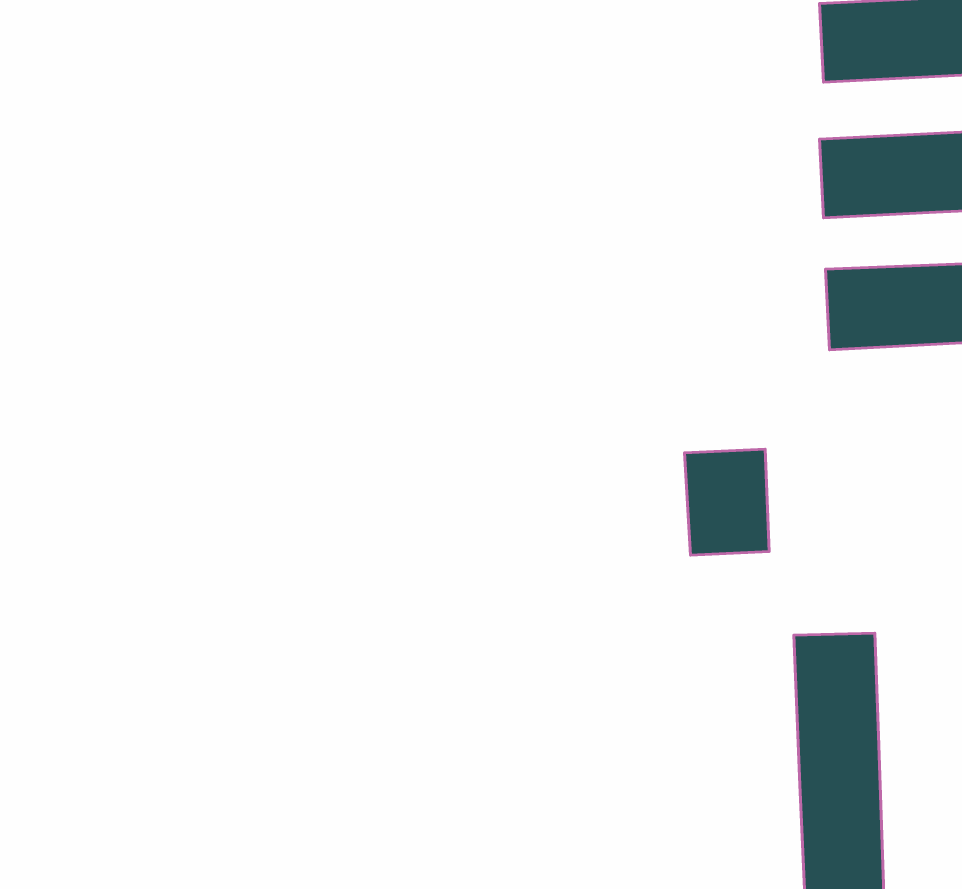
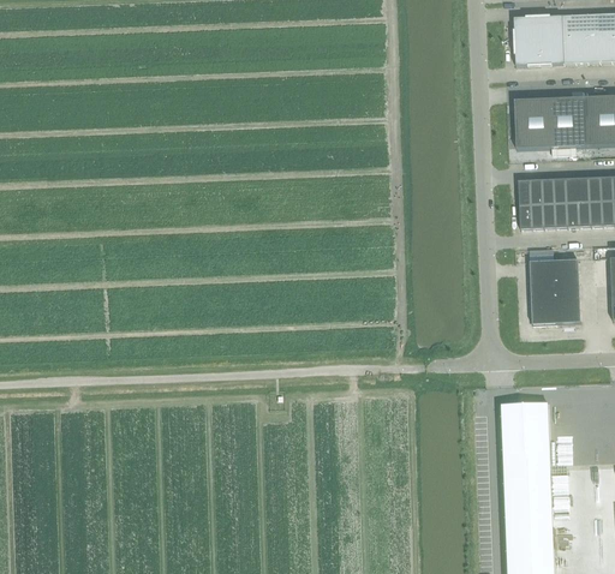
building: [685,449,769,555] -> [530,259,581,324]

